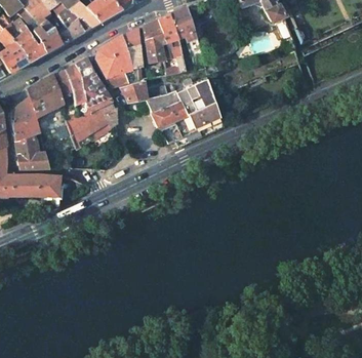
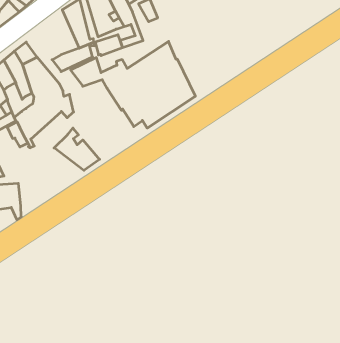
building: [96,36,131,77] -> none
building: none -> [54,128,100,170]

